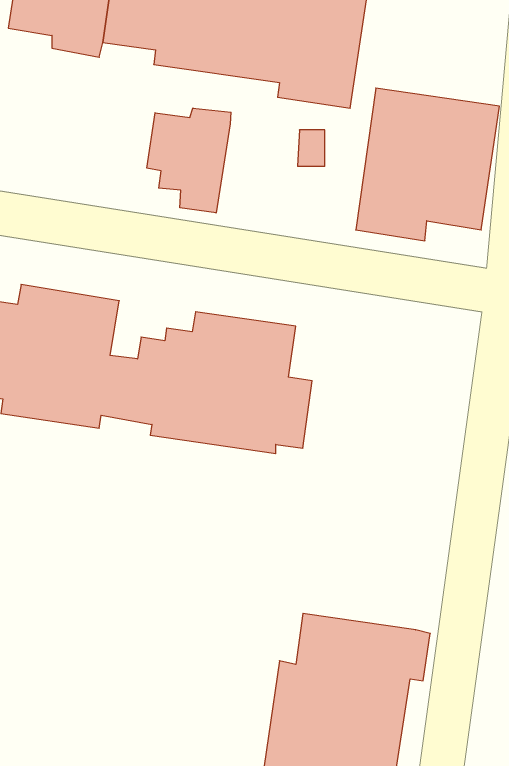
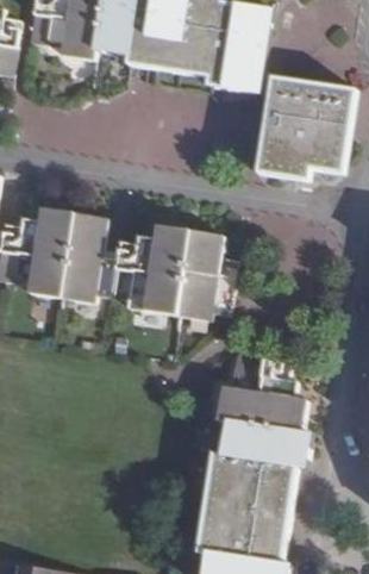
building: [147,108,231,213] -> none
building: none -> [217,357,307,433]

